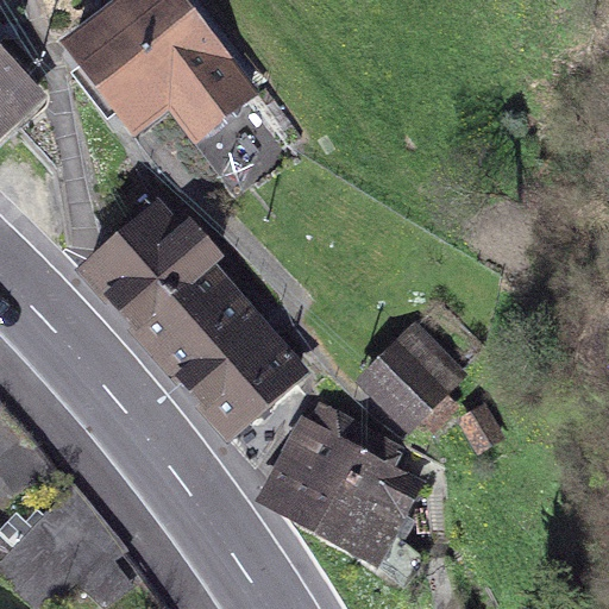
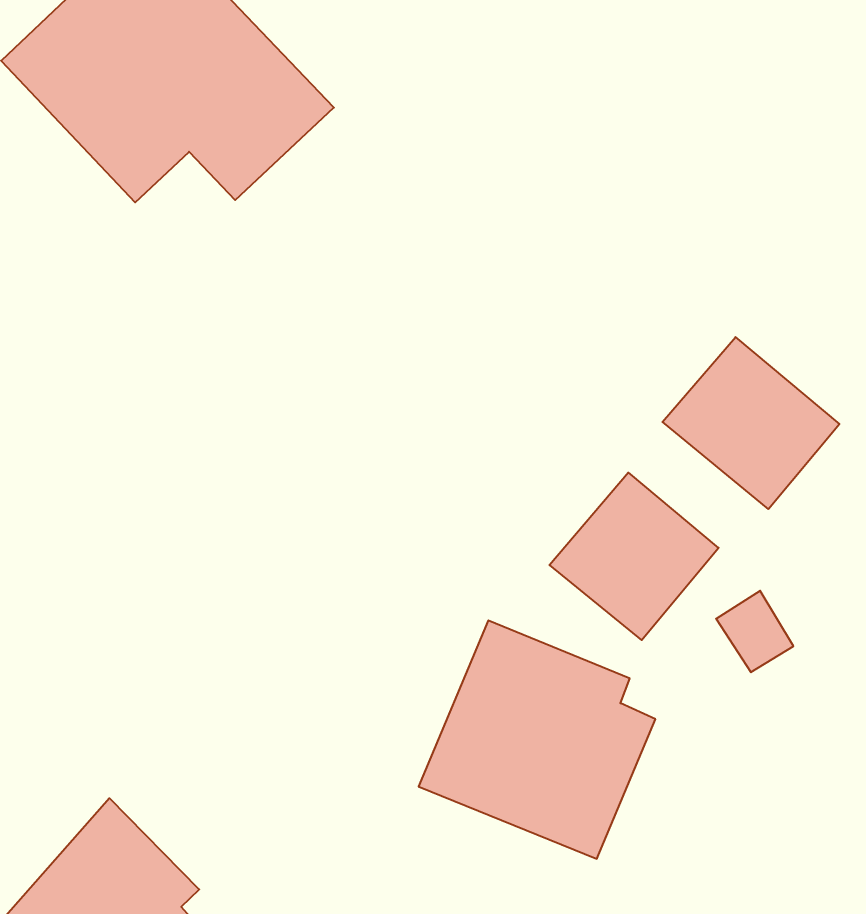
building: [81,199,306,439] -> none
building: none -> [662,337,839,509]

